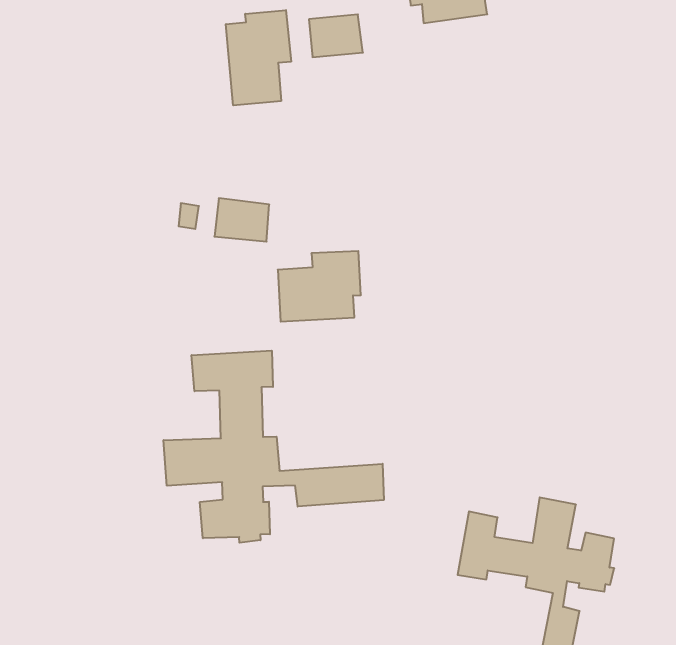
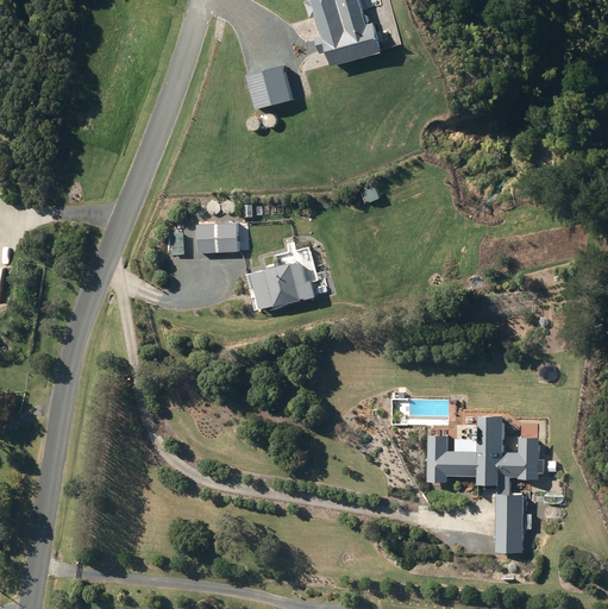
building: [226,10,291,105] -> none
building: [164,351,384,543] -> none

